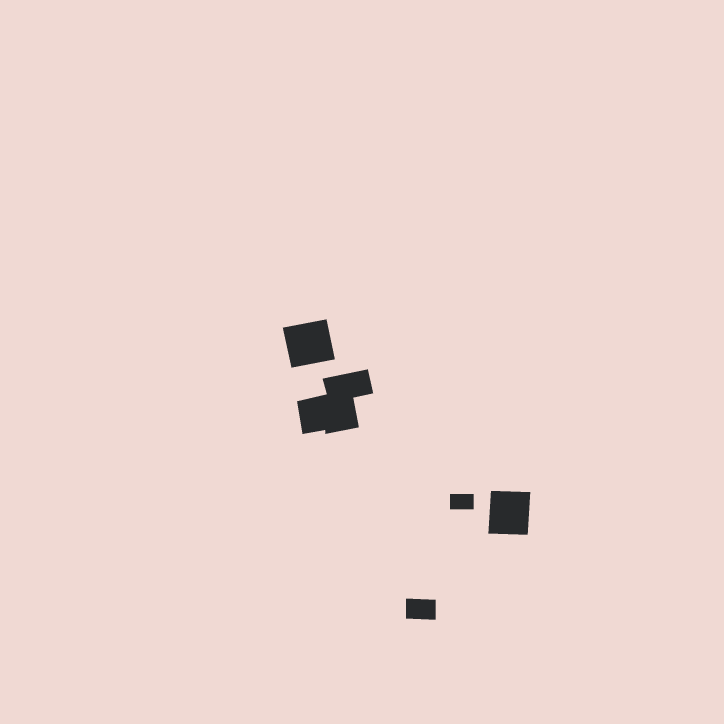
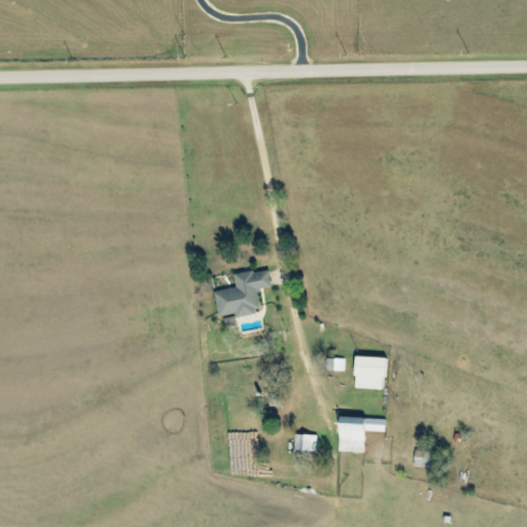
building: [282,319,336,368] -> none
building: none -> [339,417,386,452]

